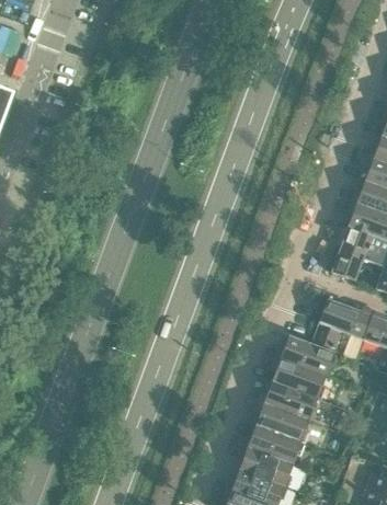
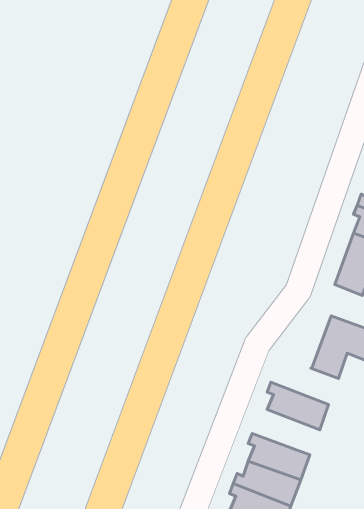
building: [275,336,334,377] -> none
building: [259,381,318,421] -> none

